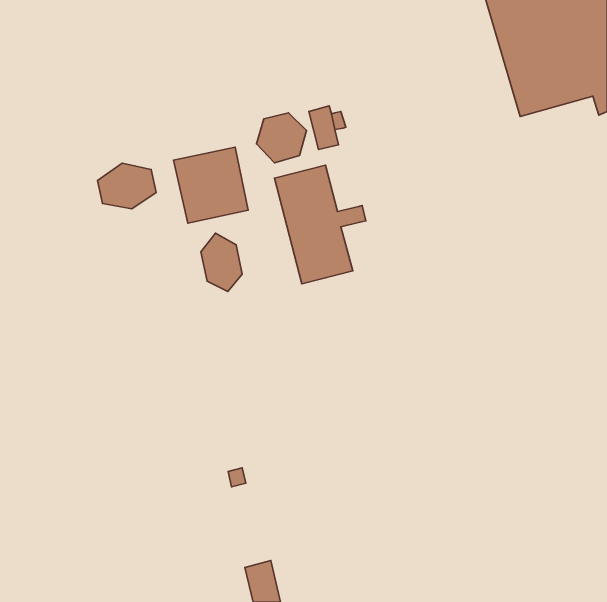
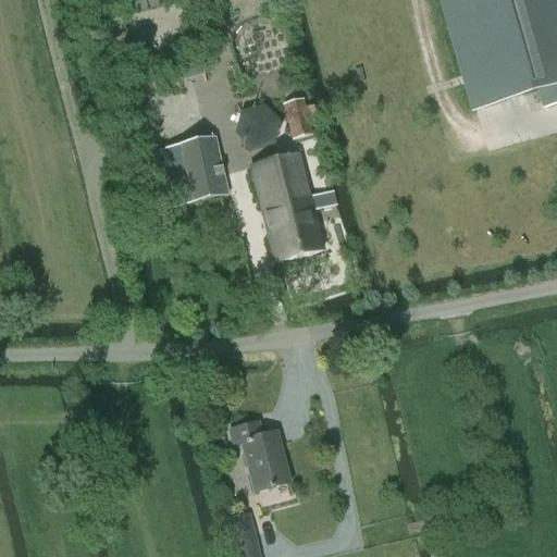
building: [98,163,156,209] -> none
building: [201,233,242,291] -> none
building: none -> [231,420,289,490]

